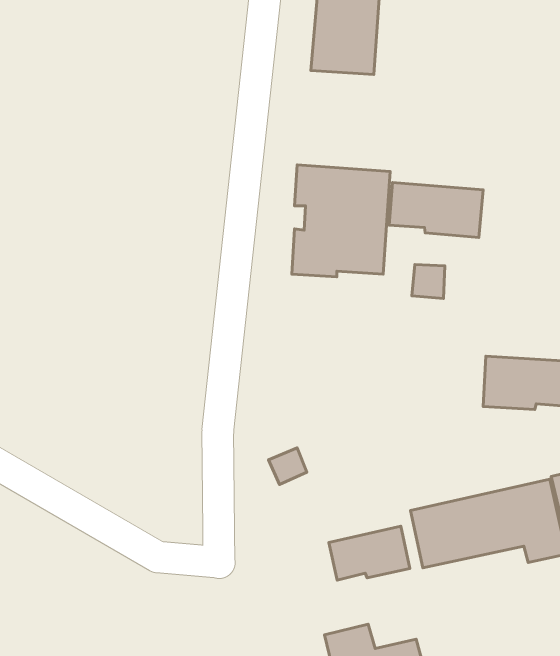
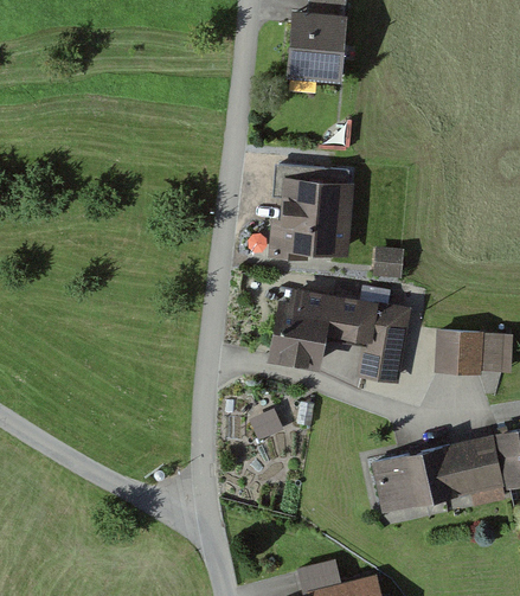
building: [389,183,483,238] -> none
building: none -> [268,289,410,384]
building: [329,526,410,580] -> none

